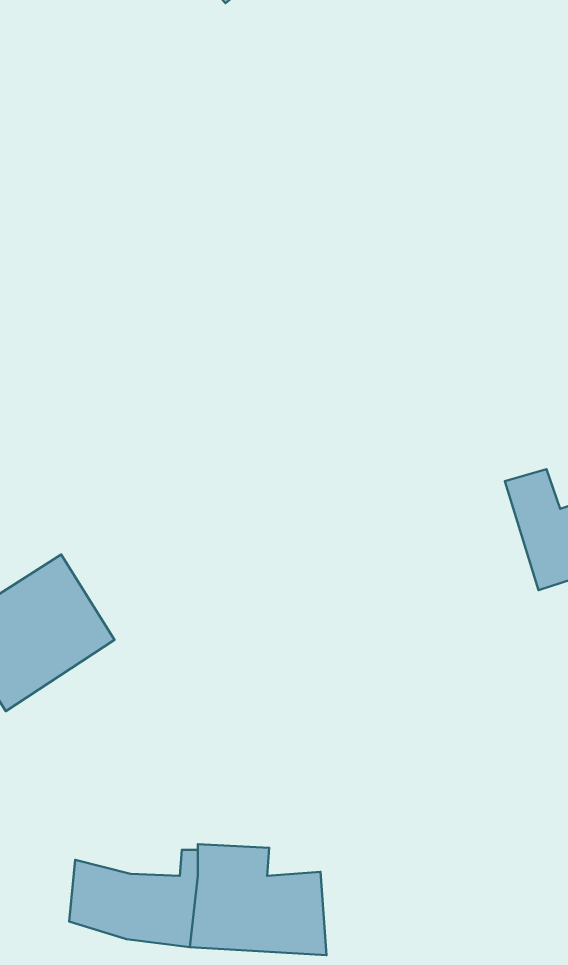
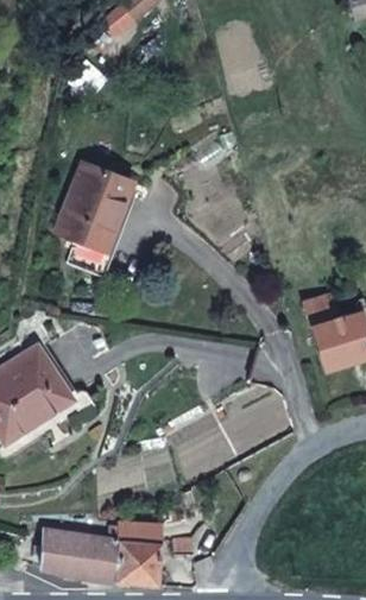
building: none -> [58,162,133,272]

